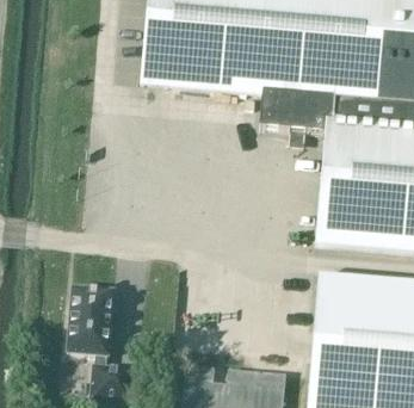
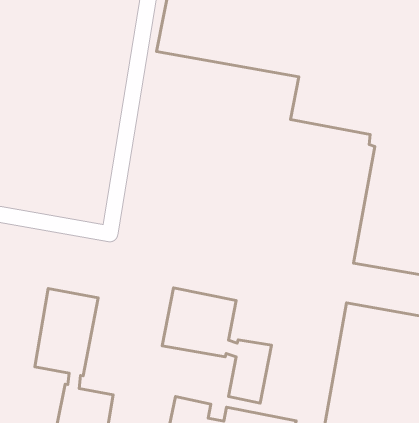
building: none -> [162,288,272,403]

